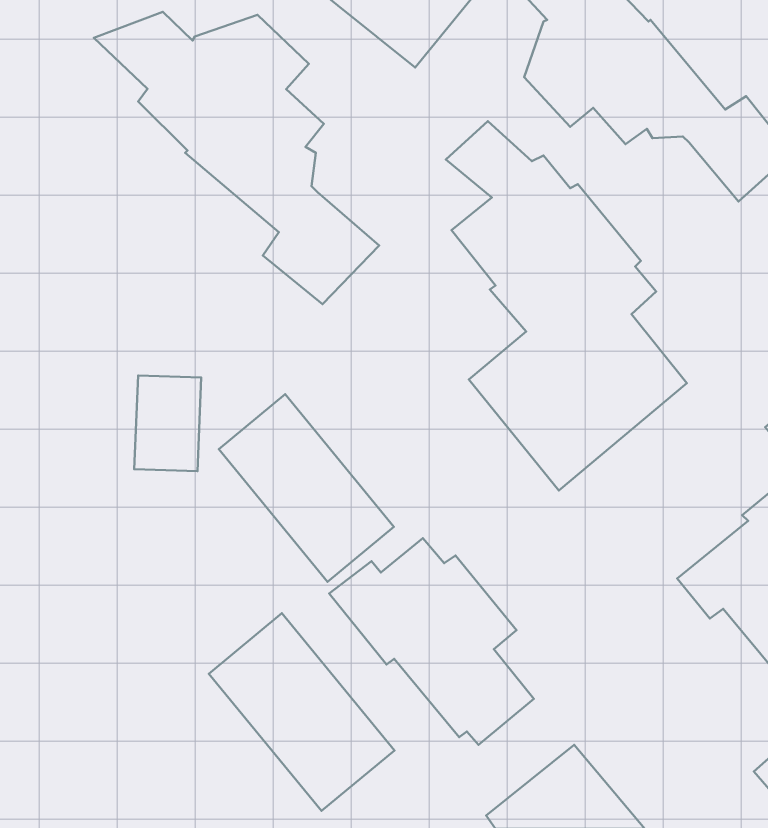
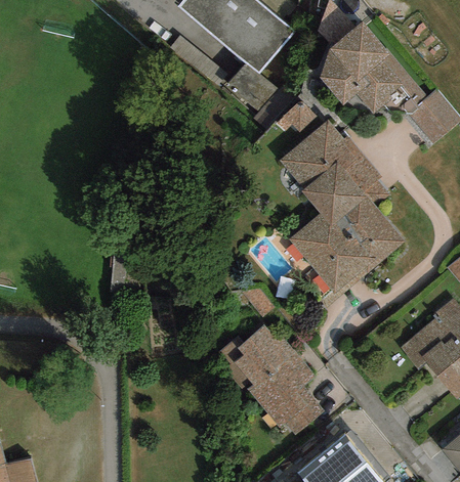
building: [94,12,379,304] -> none
building: [219,394,394,582] -> none
building: [209,613,394,811] -> none

